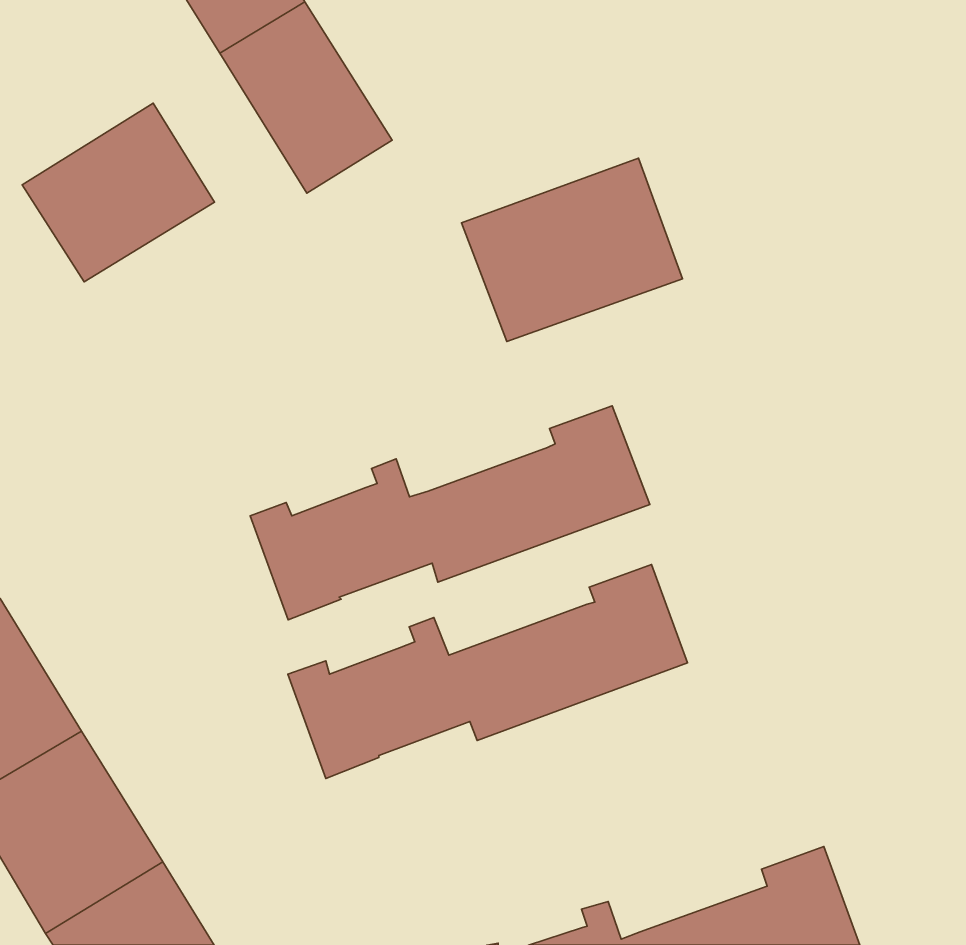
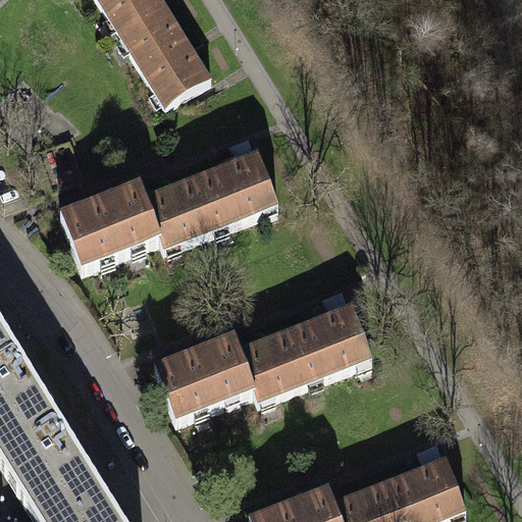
building: [22,103,215,282] -> none
building: [461,158,682,342] -> none
building: [250,406,650,620] -> [61,151,276,266]

